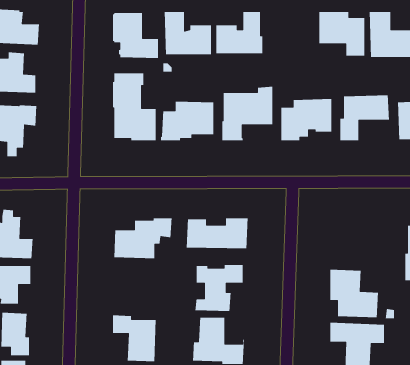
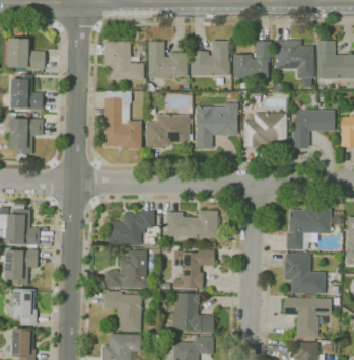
building: none -> [232,42,271,81]
building: none -> [285,209,331,250]
building: none -> [104,251,146,288]

